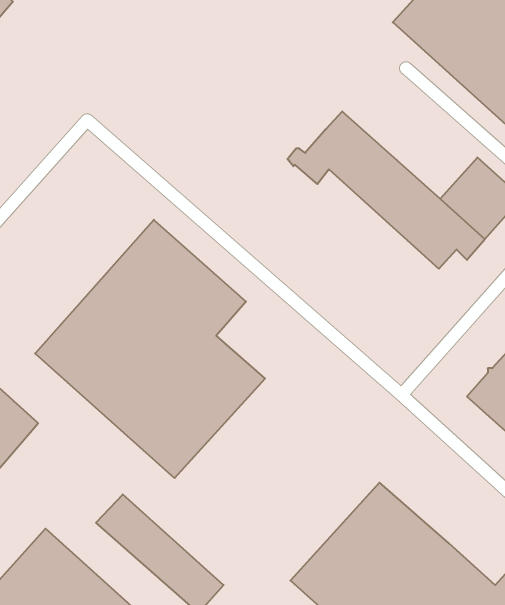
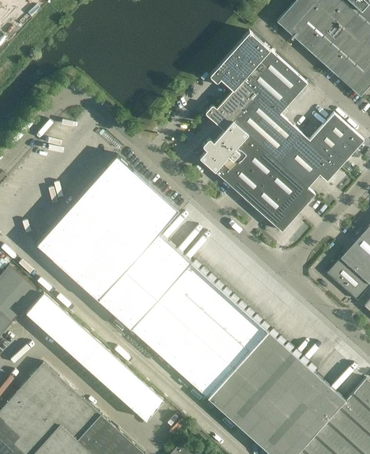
building: none -> [210,31,308,115]
building: none -> [198,121,315,232]
building: none -> [130,262,268,398]
building: none -> [26,293,95,359]

